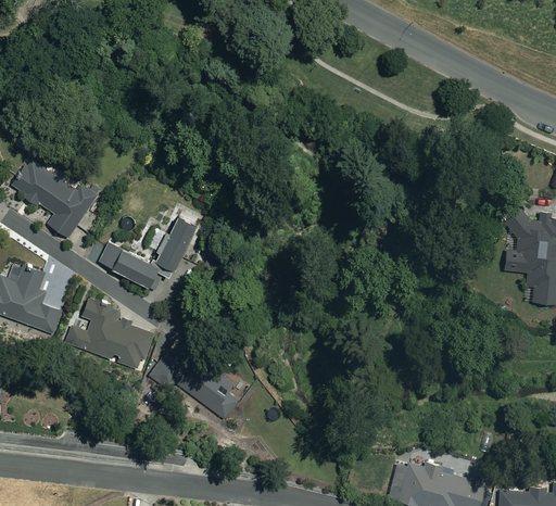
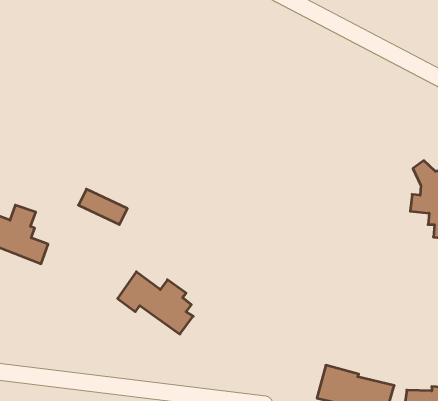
building: [13,161,97,238] -> none
building: [143,217,197,270] -> none
building: [66,301,154,370] -> none

